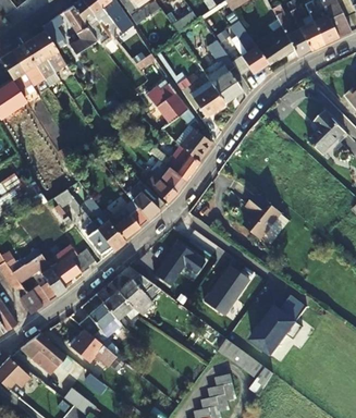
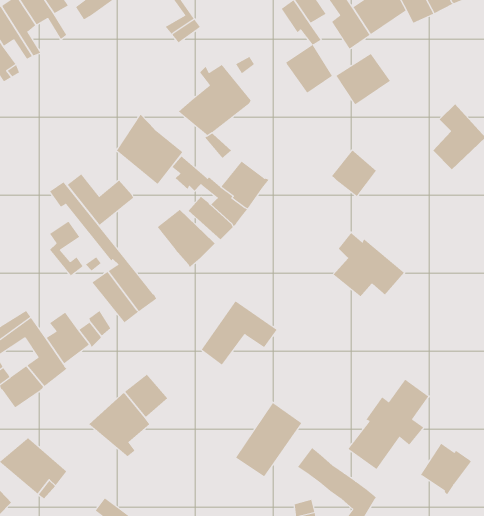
building: [188,85,225,120] -> [335,53,391,105]
building: none -> [116,114,183,185]
building: [180,128,210,160] -> [331,150,377,197]
building: [102,204,147,238] -> [67,173,134,226]
building: [205,265,249,315] -> [235,402,302,477]
building: [119,273,162,310] -> none
building: [71,329,111,364] -> none
building: none -> [420,443,471,495]

